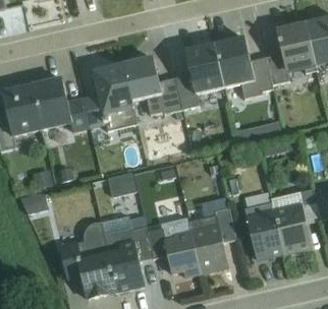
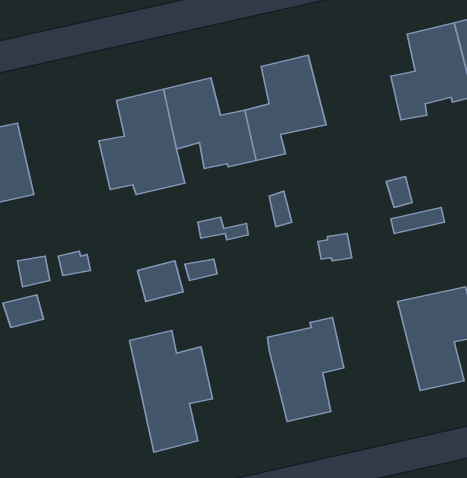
building: [215,37,274,98] -> none
building: [33,78,91,131] -> none
building: [245,201,285,258] -> none
building: [60,222,118,298] -> none
building: [149,227,202,275] -> none

